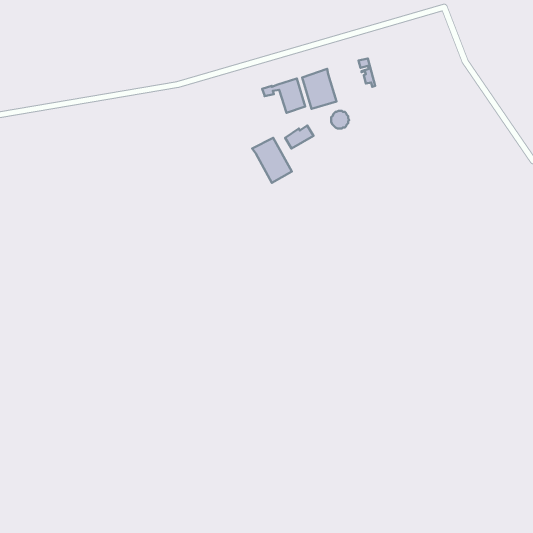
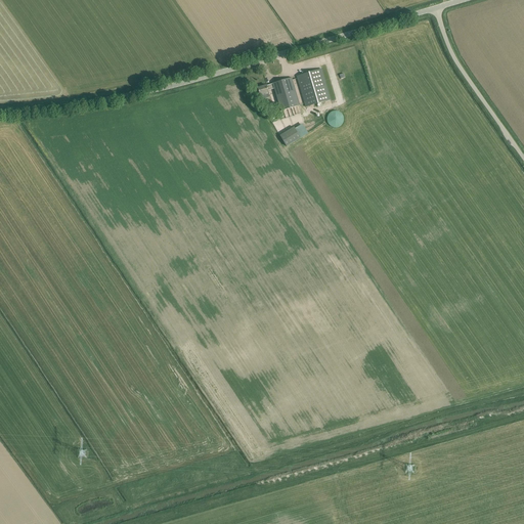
building: [252,138,292,183] -> none

